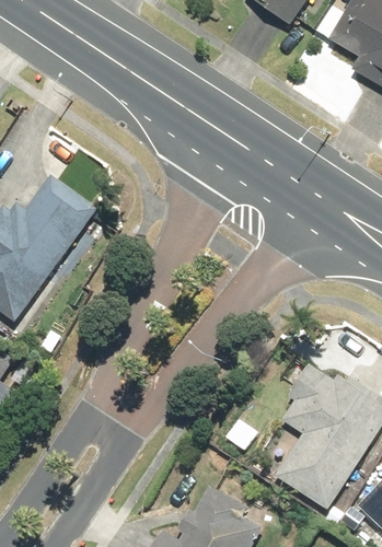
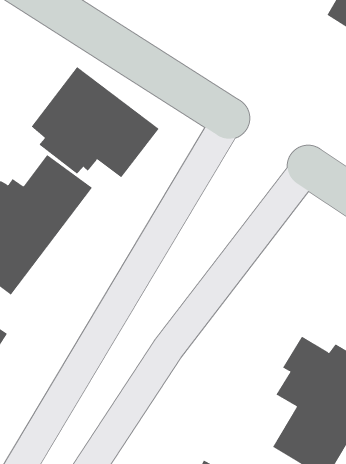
building: none -> [31,66,159,178]

